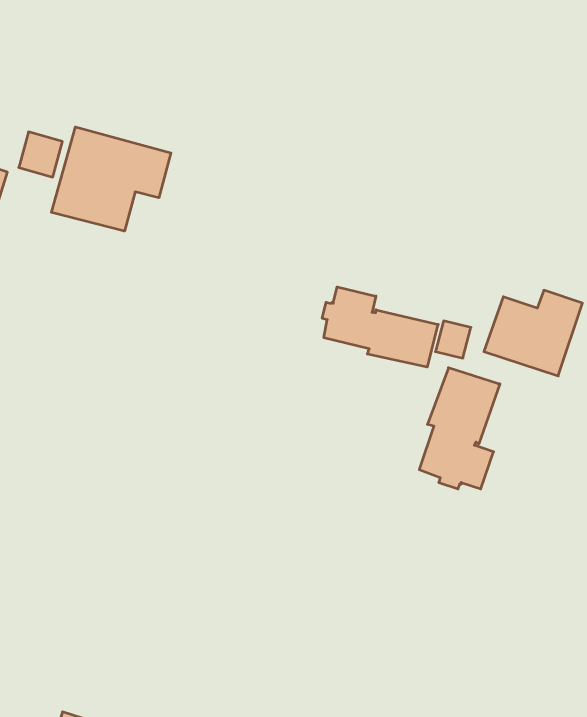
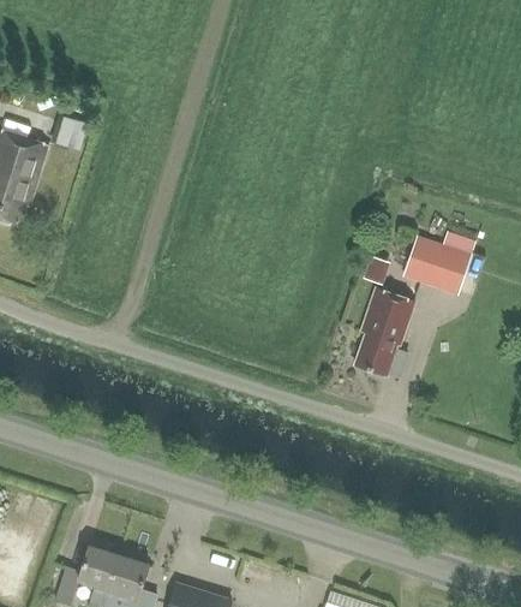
building: [51,127,171,231] -> none
building: [322,287,438,367] -> none

